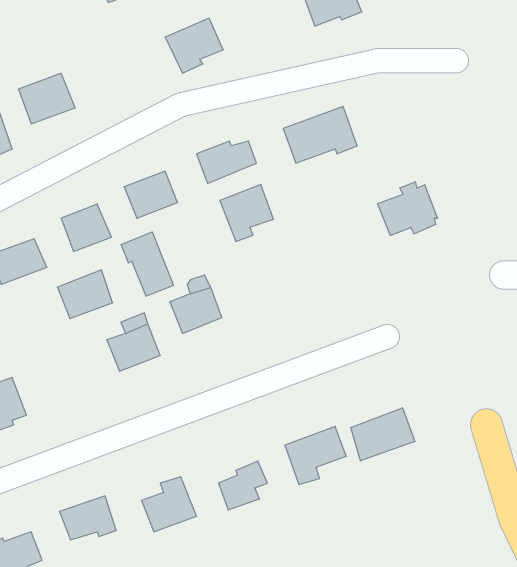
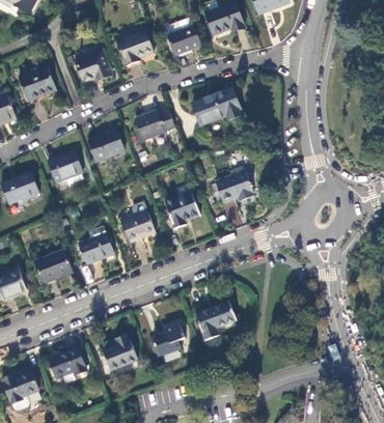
building: none -> [169,26,202,55]
building: none -> [77,51,109,83]
building: [378,182,438,235] -> [214,165,253,200]
building: [220,185,274,241] -> [165,189,200,226]
building: [121,232,173,296] -> none
building: [57,270,113,319] -> [33,249,70,281]
building: [351,408,415,461] -> none

